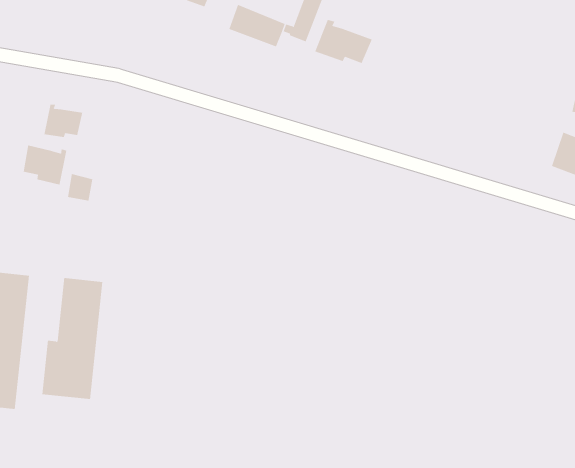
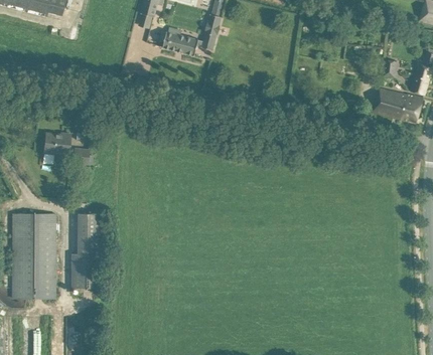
building: [315,19,373,64] -> none
building: [44,104,83,138] -> none

